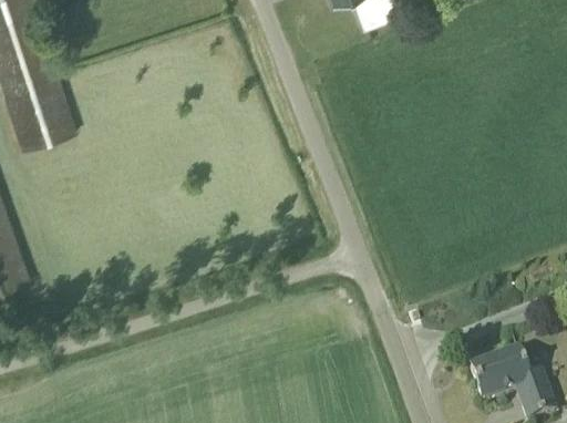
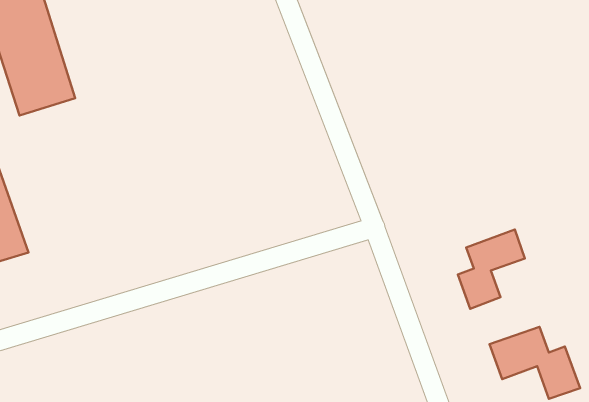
building: none -> [458,230,525,309]

